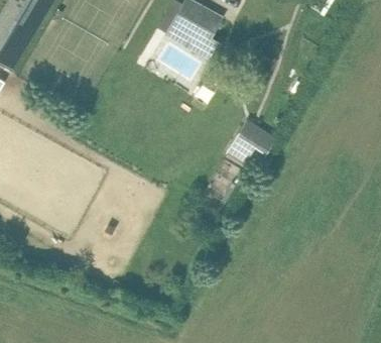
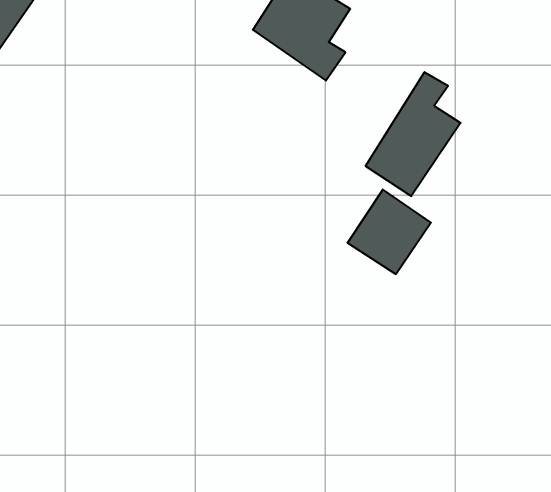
building: none -> [366,72,461,196]

